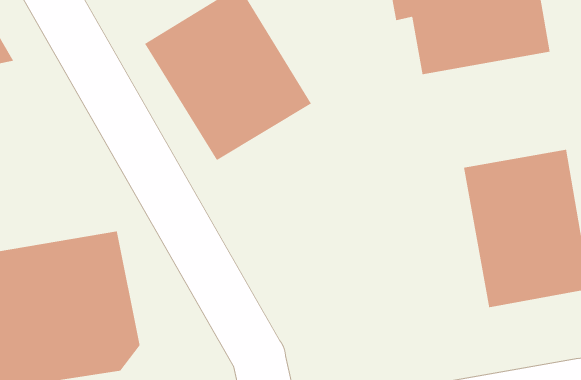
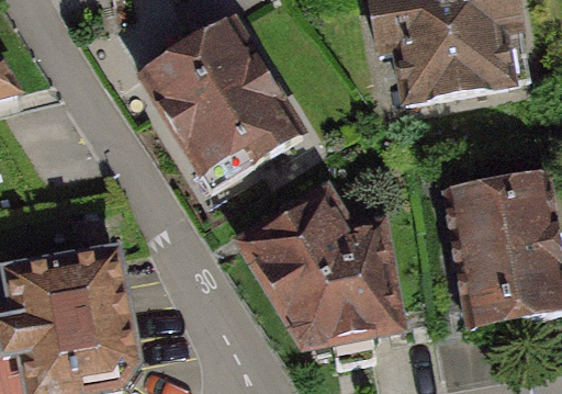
building: none -> [244,188,397,363]

